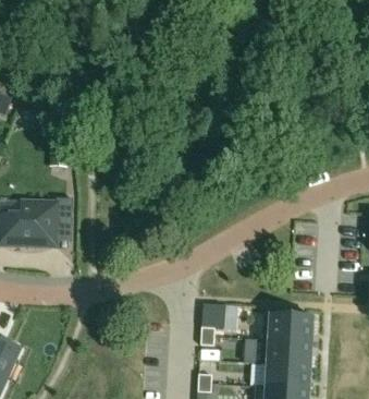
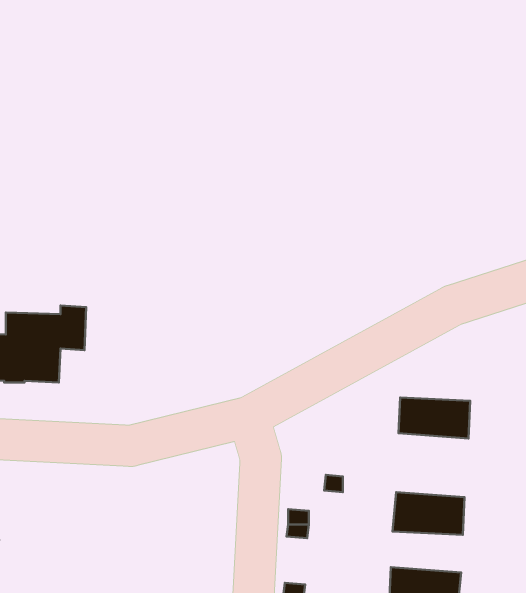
building: [266,340,311,366] -> [398,397,470,438]

